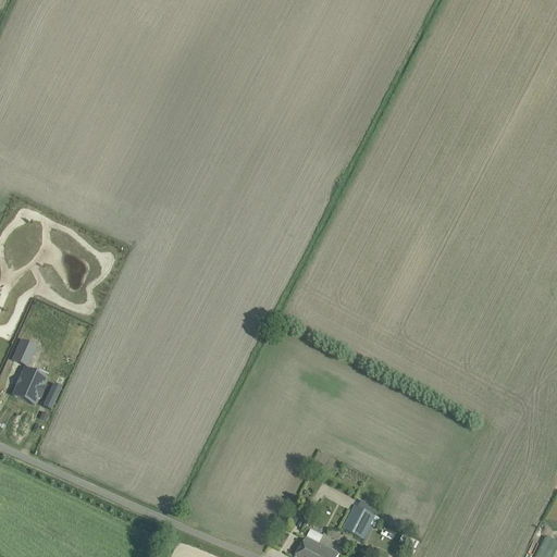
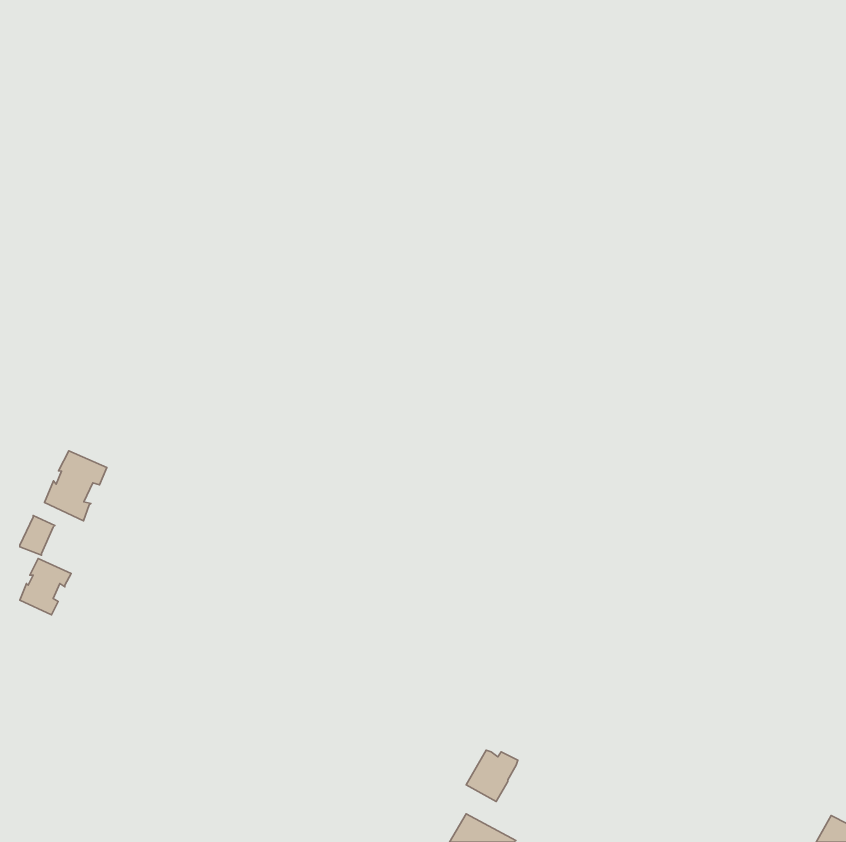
building: none -> [44,451,107,521]
building: [344,504,377,537] -> [466,750,518,802]

